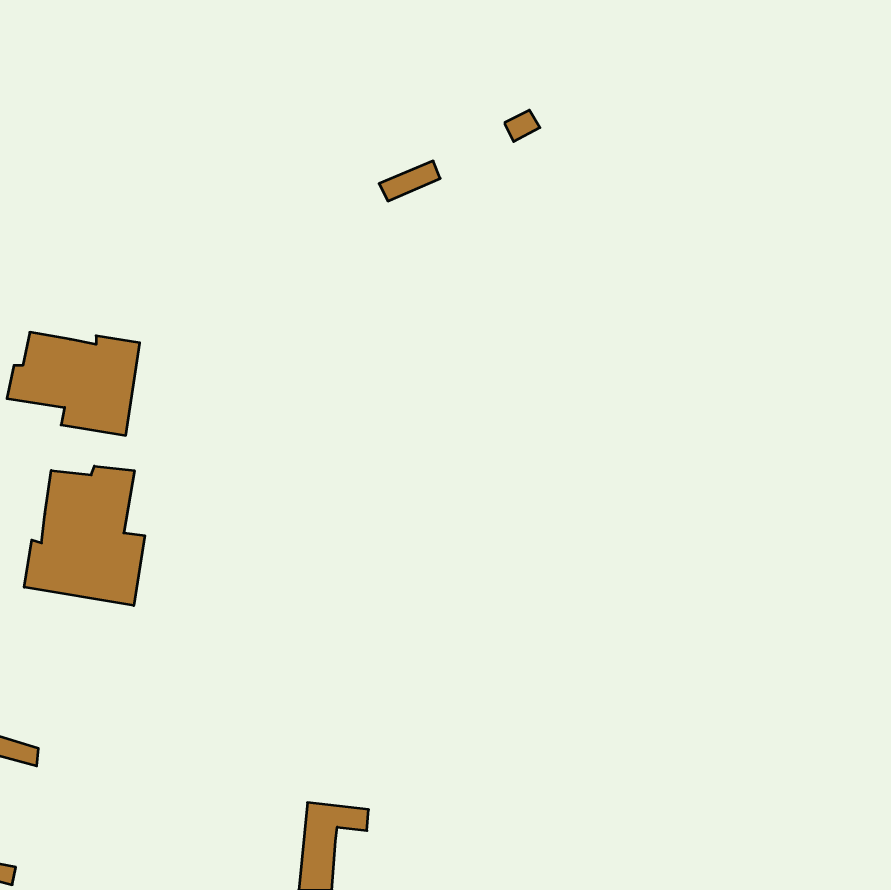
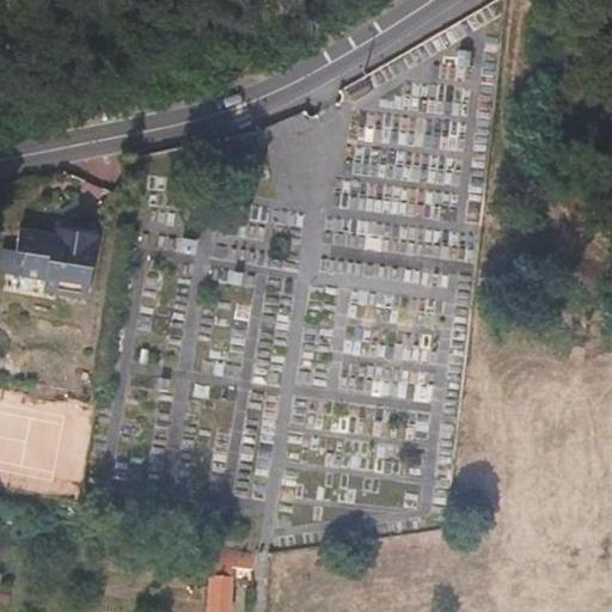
building: [24,466,145,606] -> none

